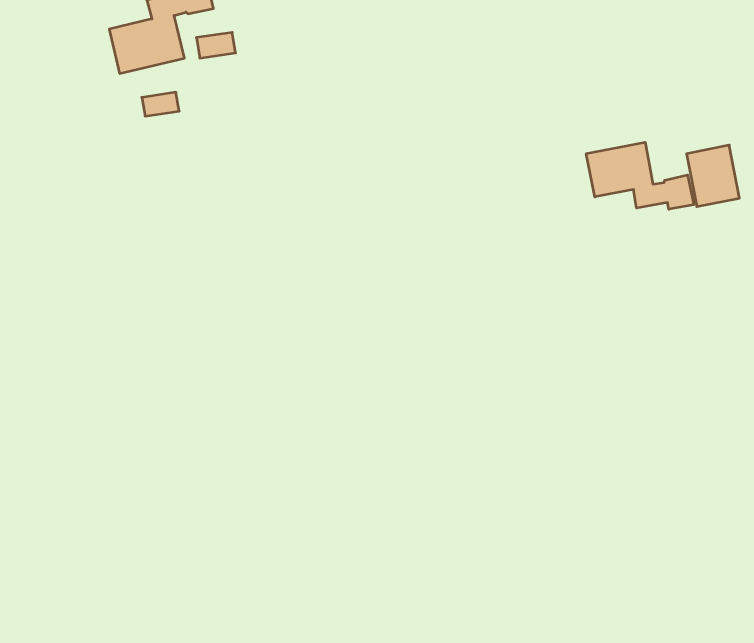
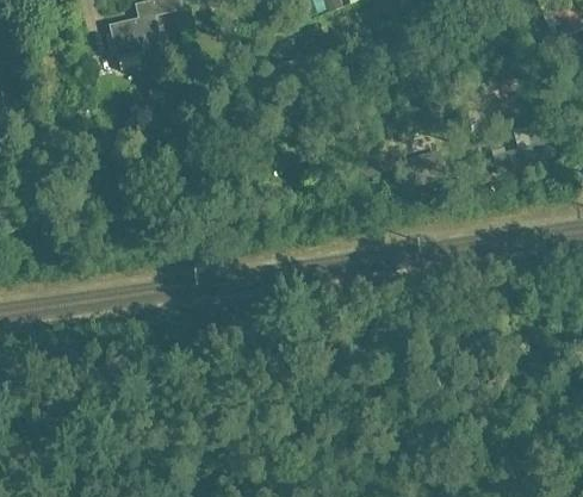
building: [586,142,694,209] -> none

